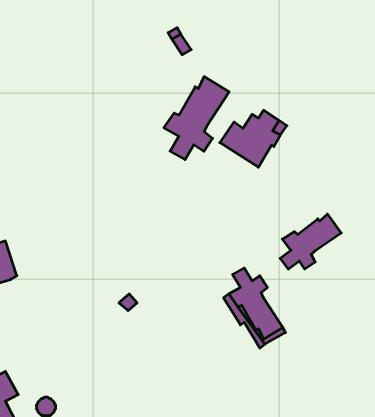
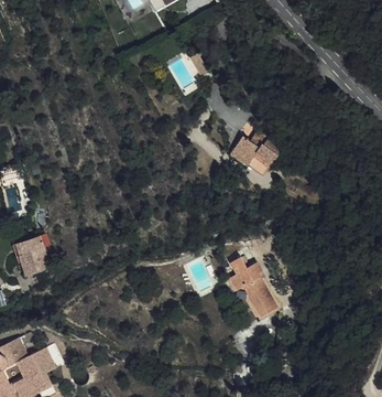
building: [164,77,229,160] -> none
building: [280,214,341,269] -> none

